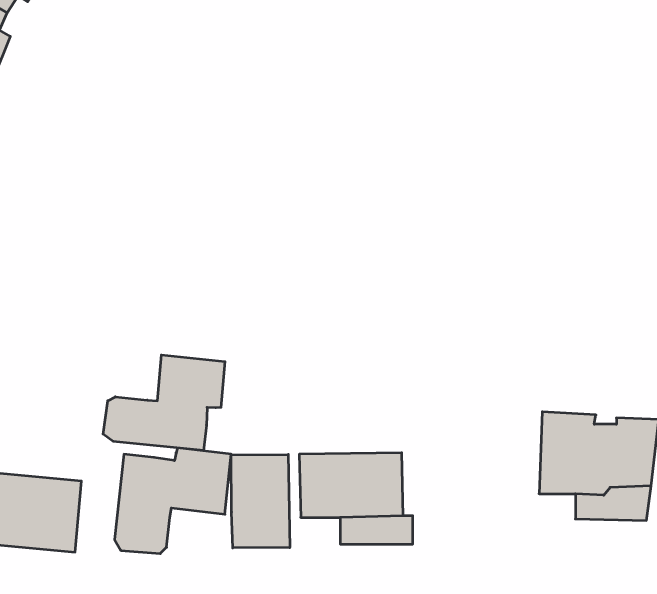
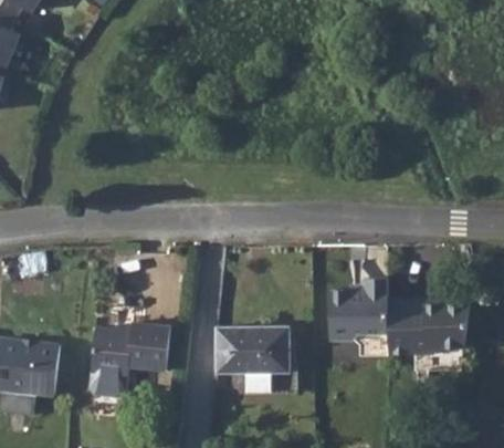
building: [103,355,225,451] -> none
building: none -> [327,277,388,355]
building: [231,454,290,548] -> none

